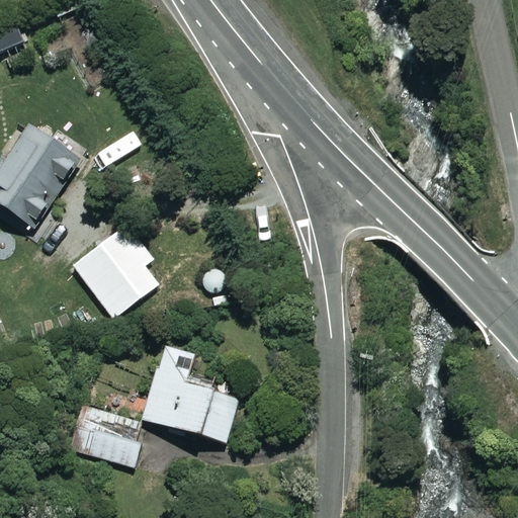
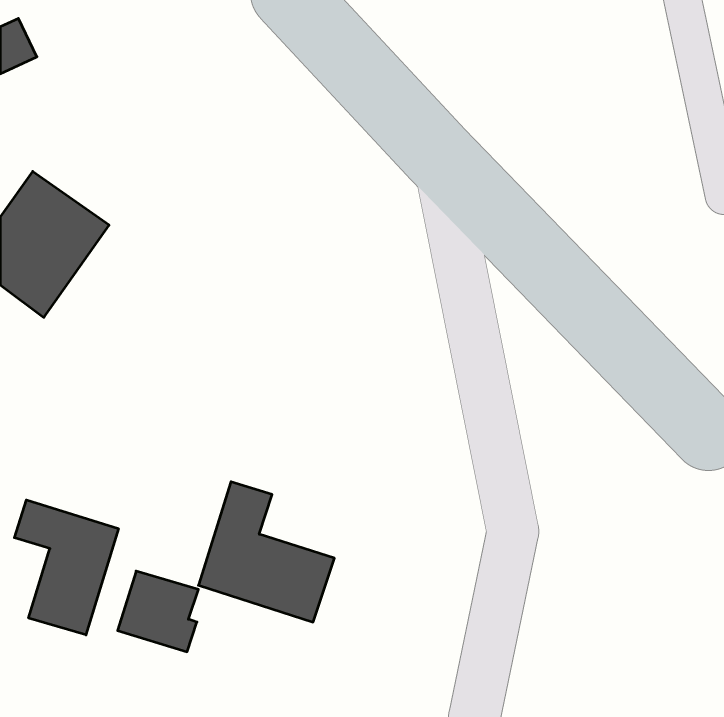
building: [72,224,158,318] -> none
building: none -> [14,500,118,635]

